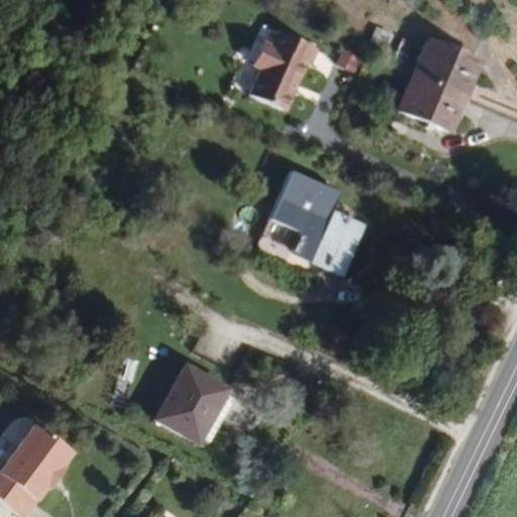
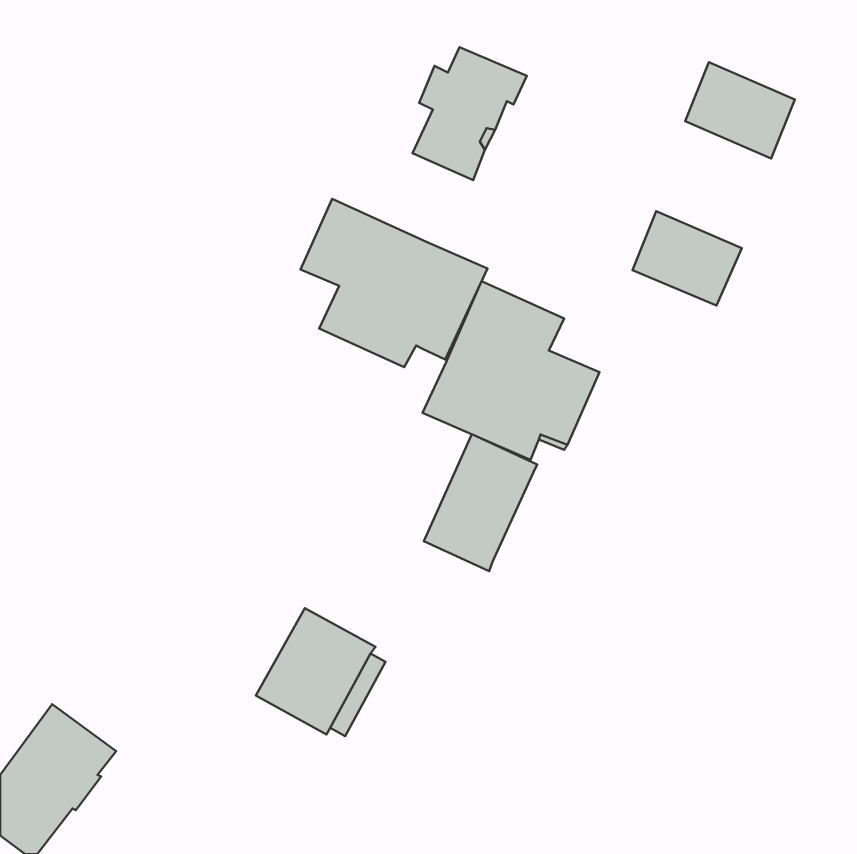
building: [399,73,464,129] -> [632,211,742,305]
building: none -> [301,199,487,367]
building: none -> [424,434,537,571]

